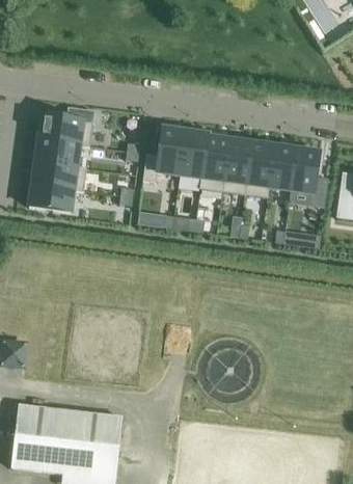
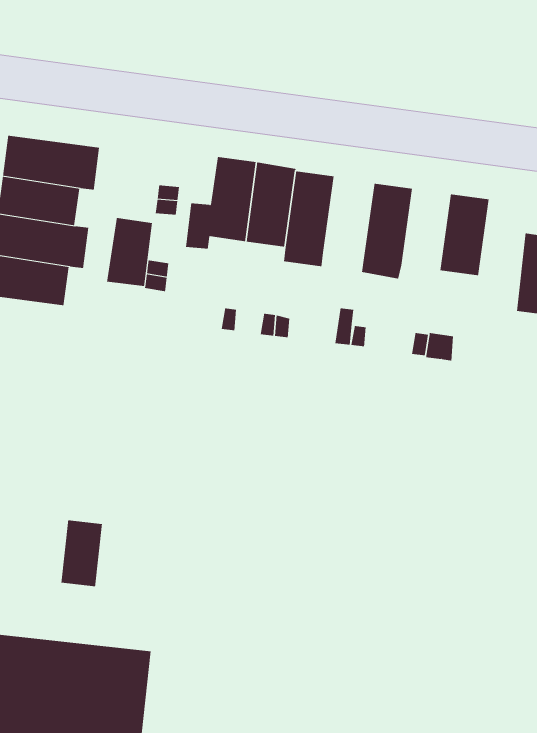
building: [223,137,253,193] -> none
building: [270,144,298,192] -> none
building: none -> [106,217,153,287]
building: none -> [61,520,103,587]

